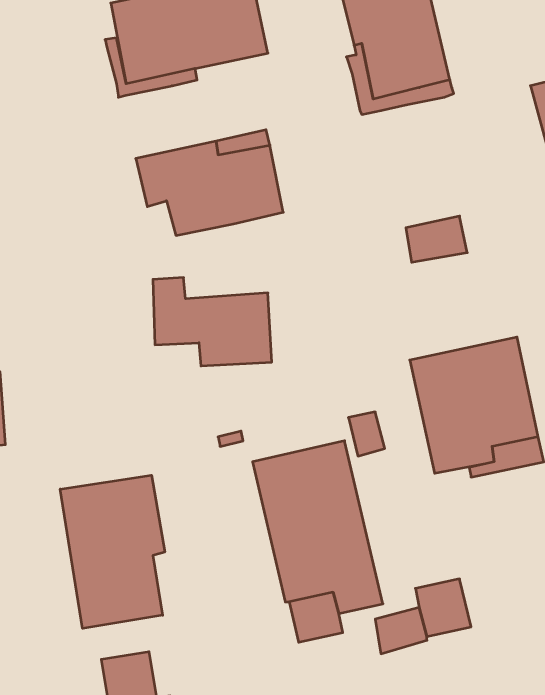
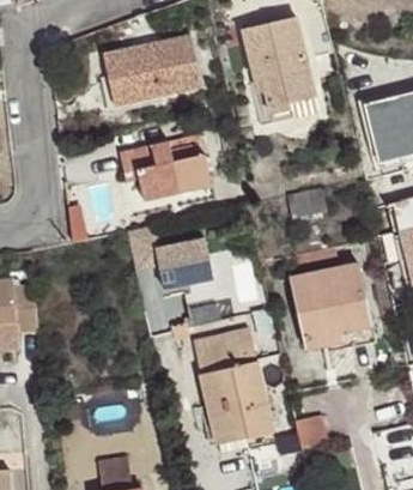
building: [60,475,165,628] -> none

